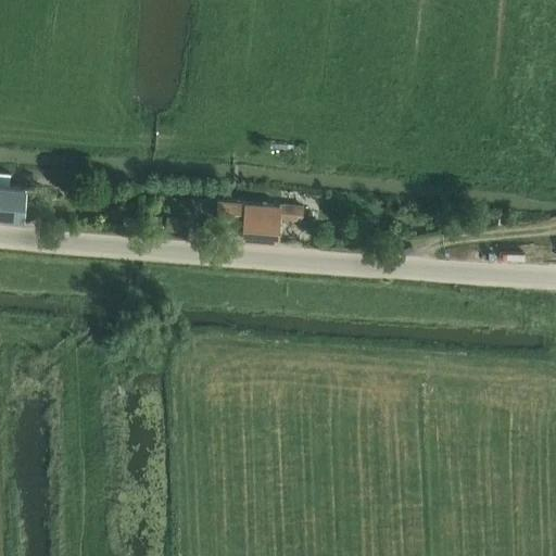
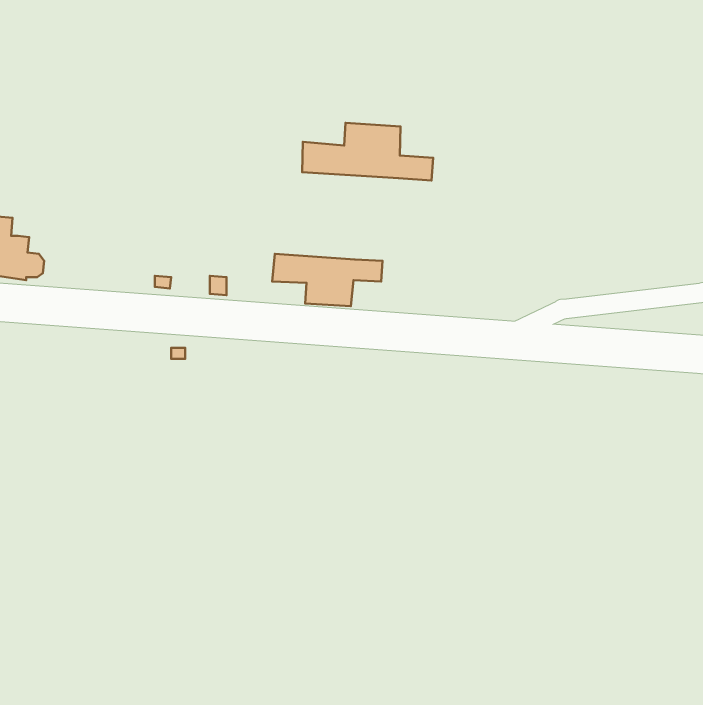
building: none -> [302,123,433,181]

